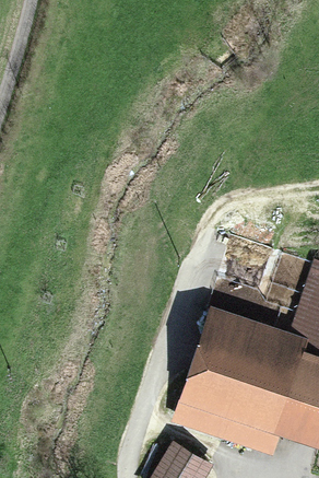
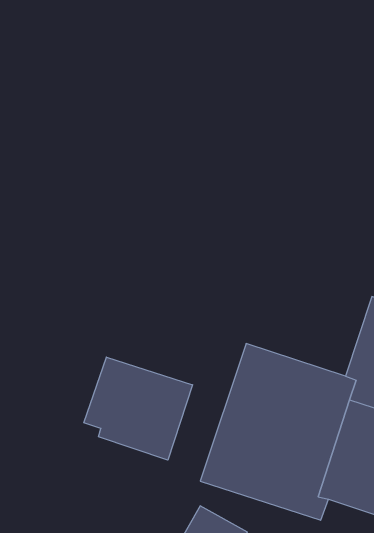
building: none -> [84,357,193,460]

